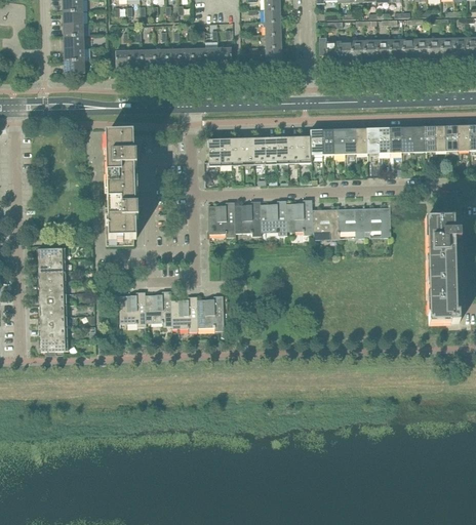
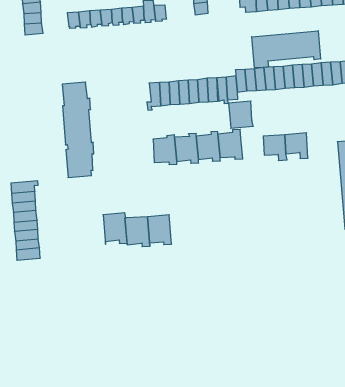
building: none -> [252,31,321,68]
building: [313,208,341,239] -> [228,101,253,128]
building: [119,291,147,327] -> none
building: [41,338,69,356] -> none

